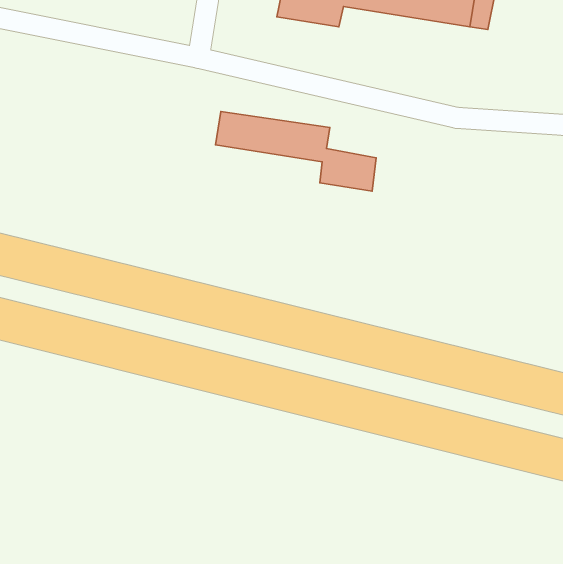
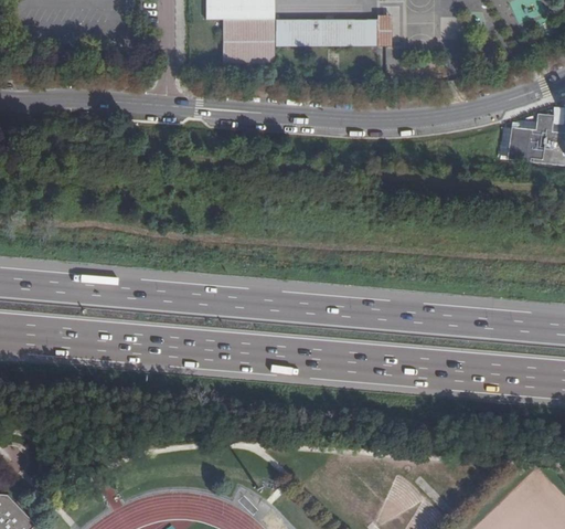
building: [216,112,376,191] -> none

